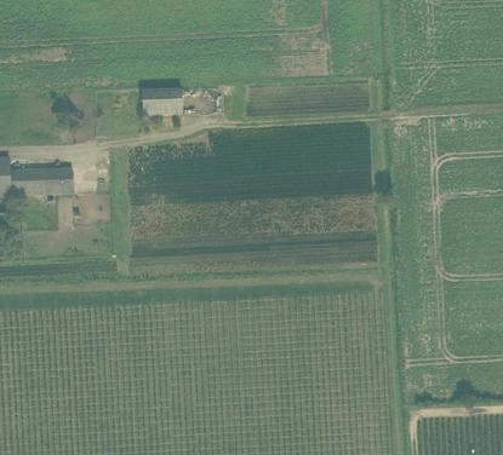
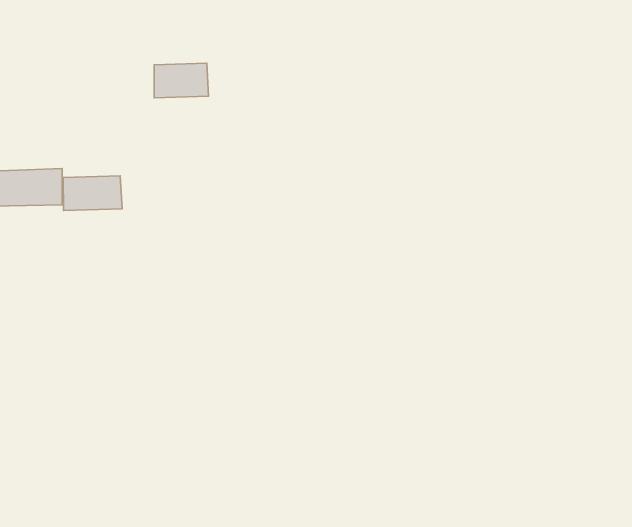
building: none -> [63,176,122,210]

